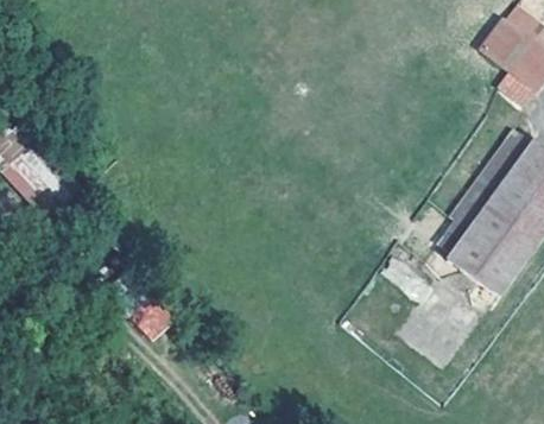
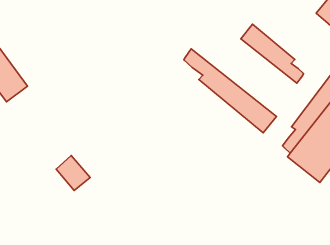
building: none -> [241,24,304,83]
building: none -> [184,49,277,133]

